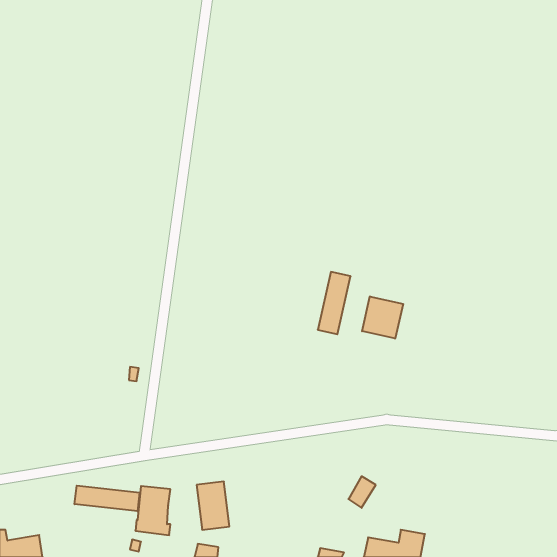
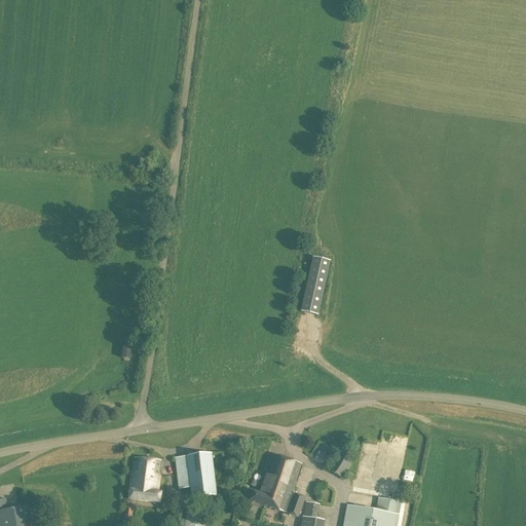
building: [362,296,403,339] -> none
building: none -> [250,454,303,518]
building: [75,486,140,511] -> none

